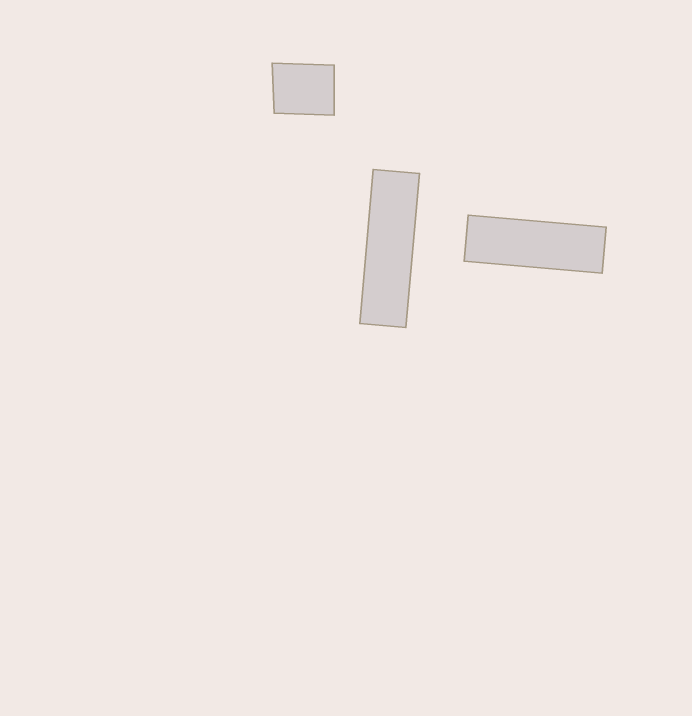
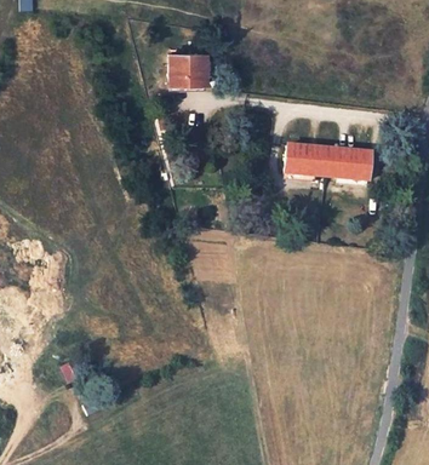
building: [360,169,419,328] -> none

